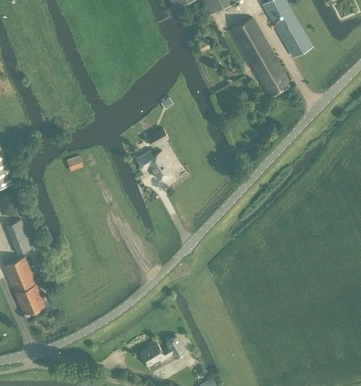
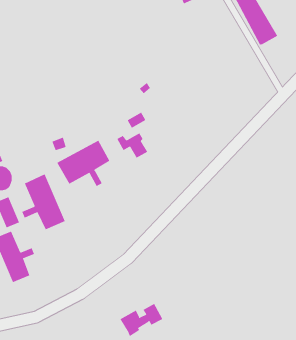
building: [230,18,290,96] -> none
building: none -> [57,140,110,187]
building: none -> [22,173,65,230]

